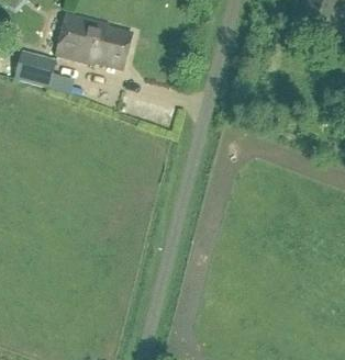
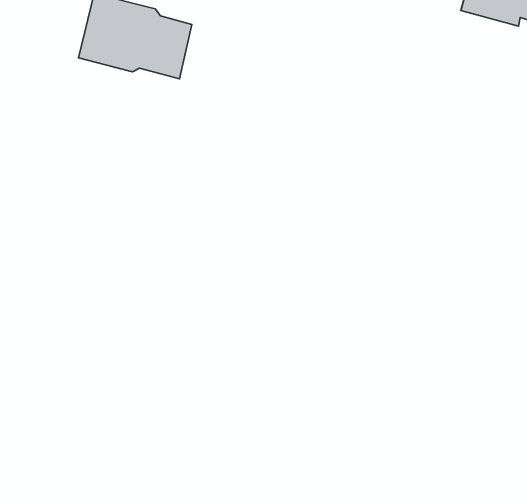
building: [16,49,58,87] -> none

